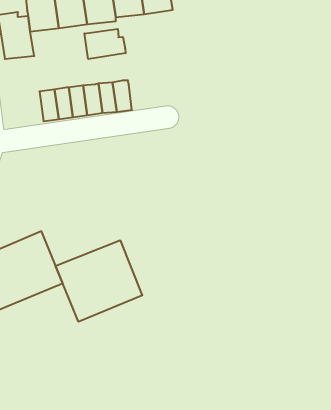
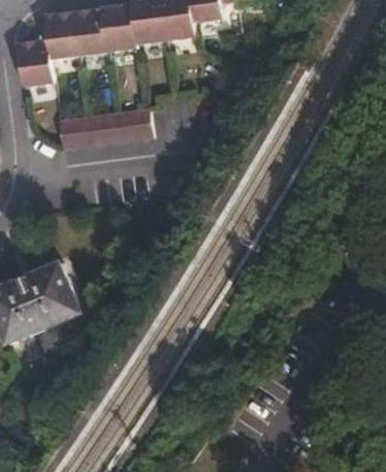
building: [84,29,126,59] -> none
building: [56,240,142,322] -> none

